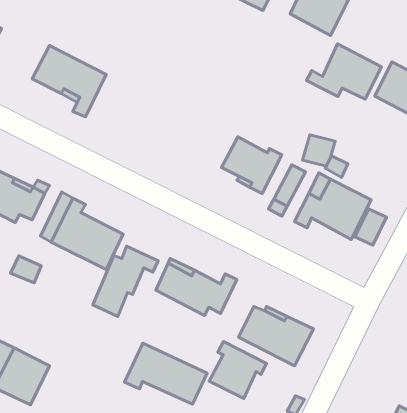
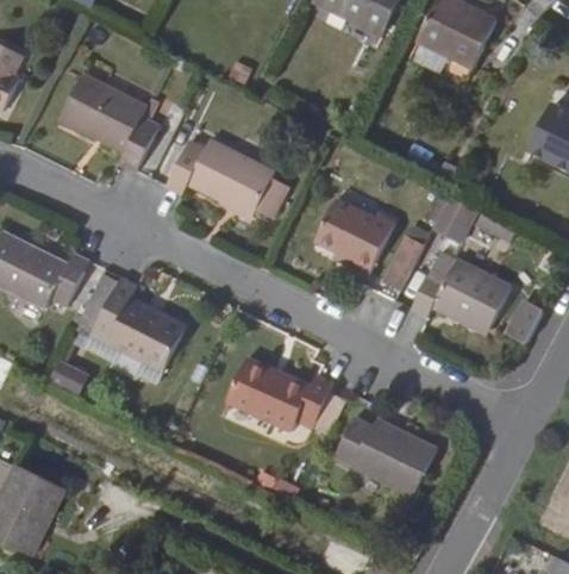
building: [306,44,381,99] -> none
building: none -> [165,138,275,218]
building: [93,246,158,317] -> none
building: [209,341,267,398] -> none
building: [125,343,207,404] -> none

